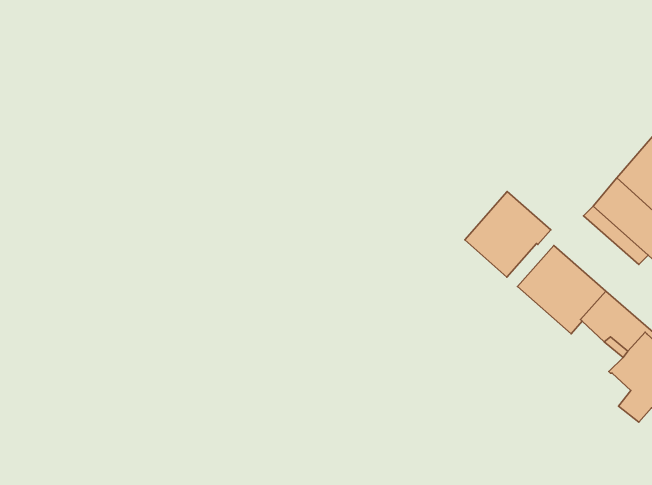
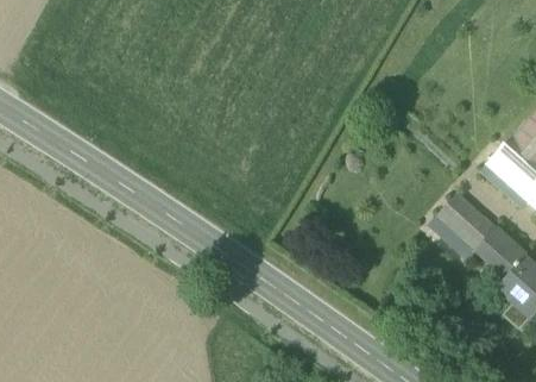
building: [465,192,551,277] -> none

